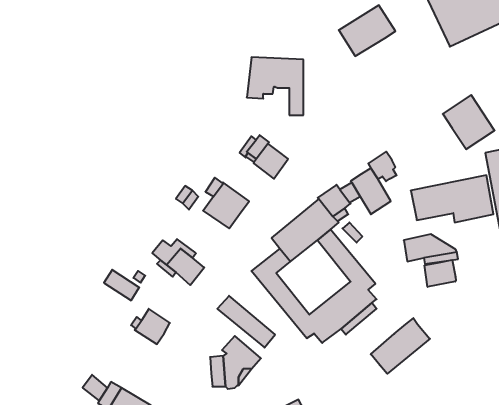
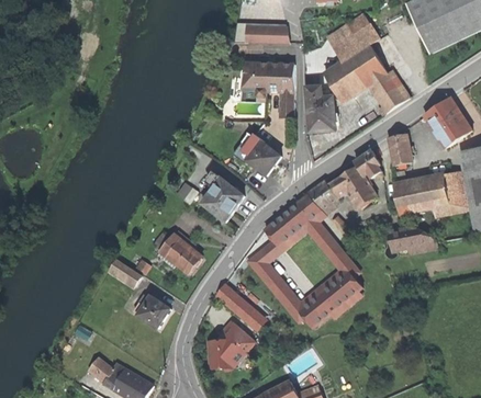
building: none -> [245,27,287,44]
building: none -> [323,45,410,115]
building: none -> [306,87,335,132]
building: none -> [388,134,411,166]
building: [425,260,456,287] -> none
building: [371,318,430,374] -> none

